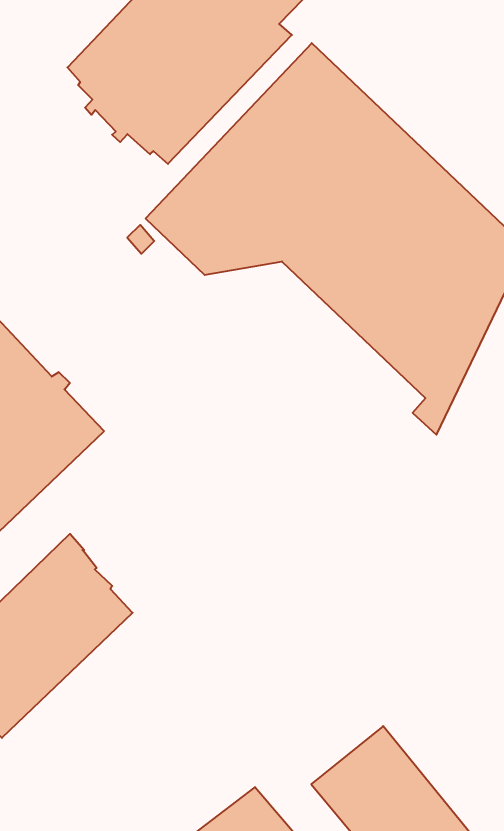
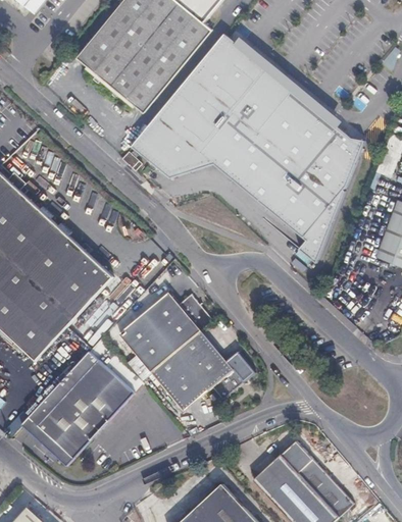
building: none -> [116,290,252,407]

